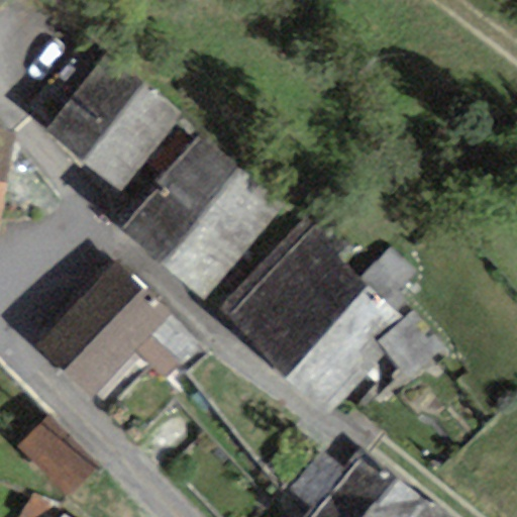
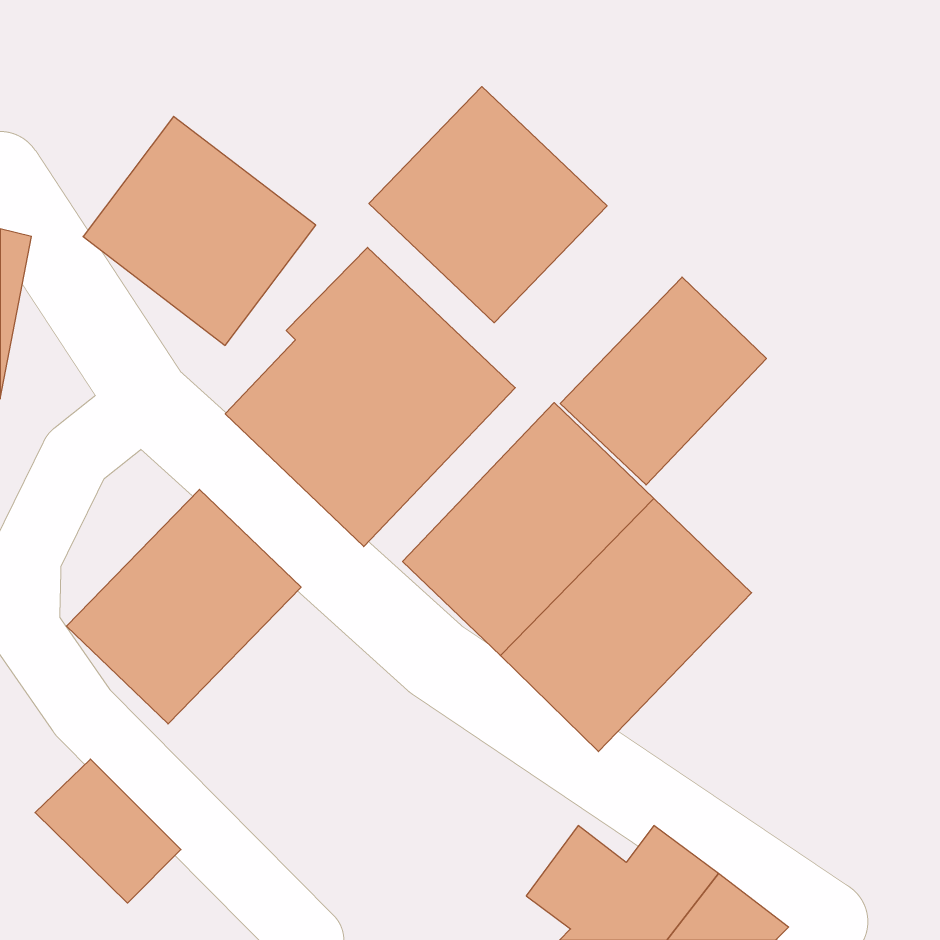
building: none -> [369,87,607,323]
building: none -> [560,277,766,485]

